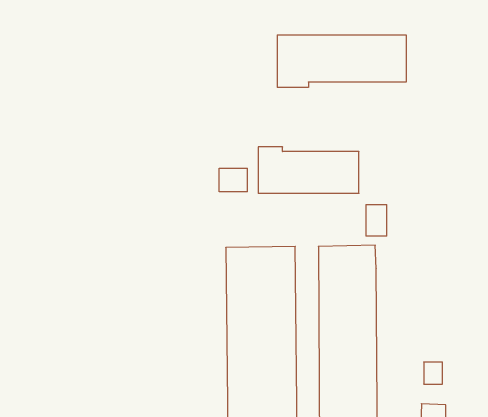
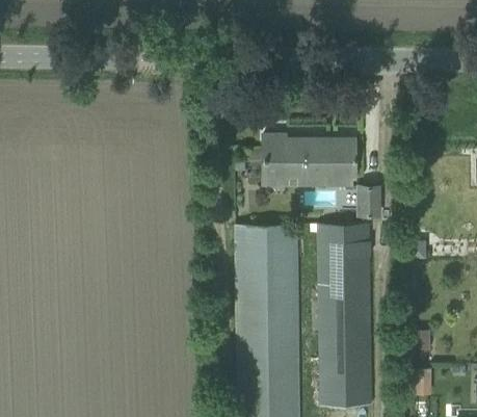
building: [277,35,406,87] -> none
building: [219,168,247,192] -> none

